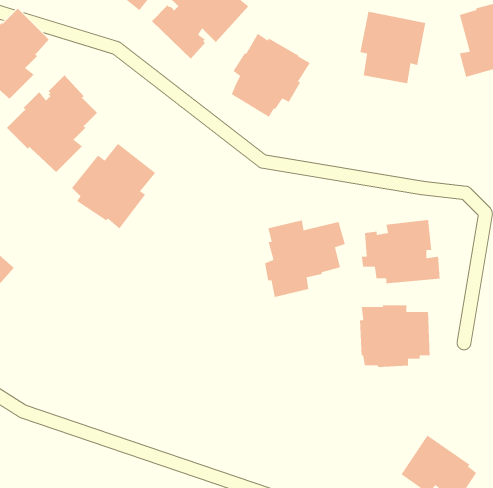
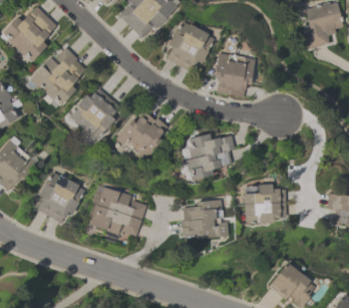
building: [360,11,426,84] -> [214,53,254,97]
building: none -> [116,112,167,158]
building: [361,219,441,284] -> [180,199,228,238]
building: none -> [36,172,84,223]
building: none -> [89,187,145,243]

